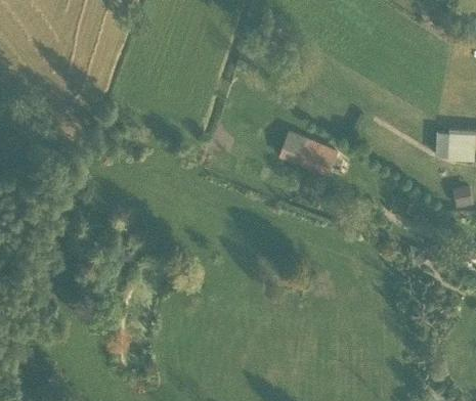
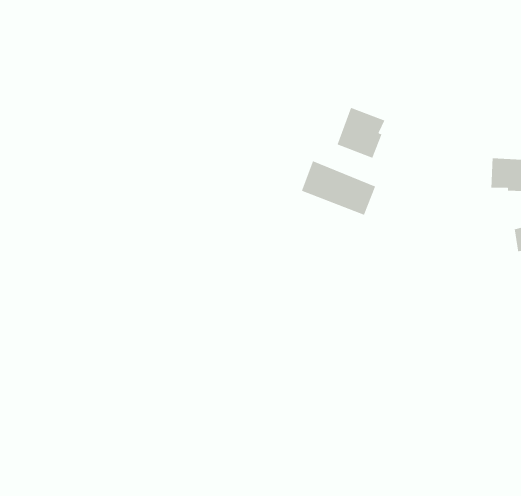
building: none -> [337,107,385,159]

